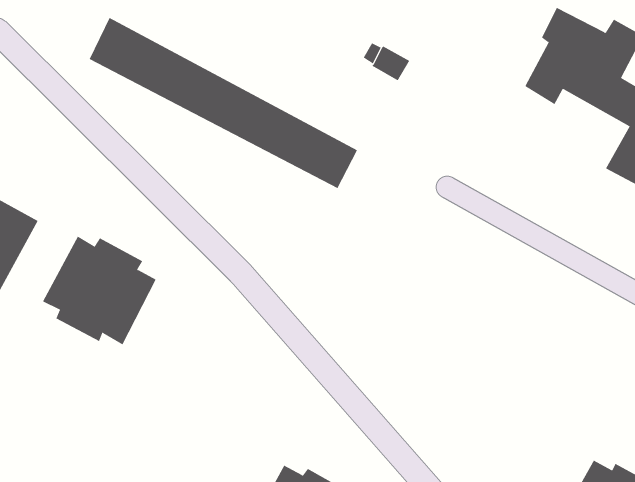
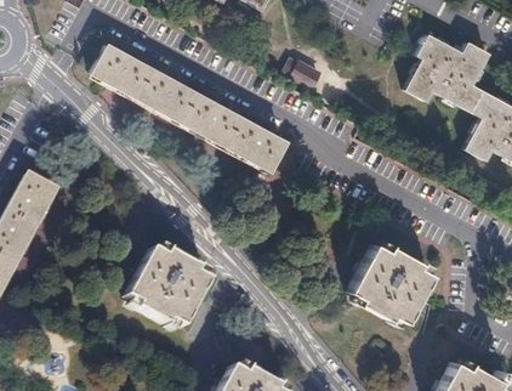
building: [42,236,157,345] -> [125,246,207,325]
building: none -> [347,243,431,322]

